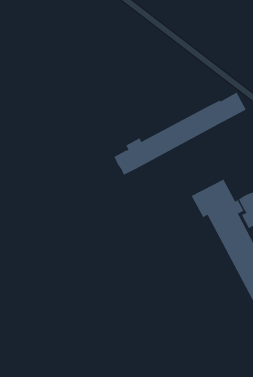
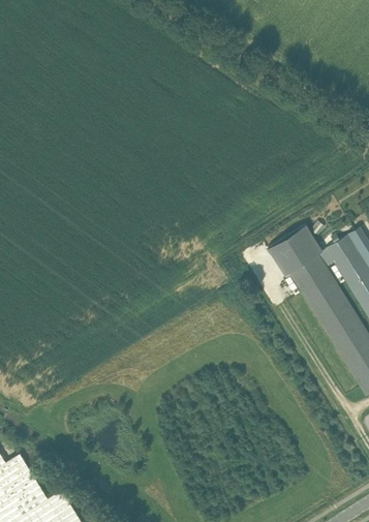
building: [114,92,247,176] -> none

